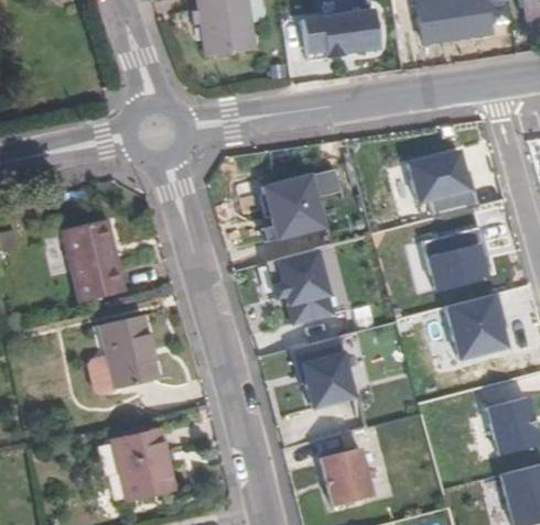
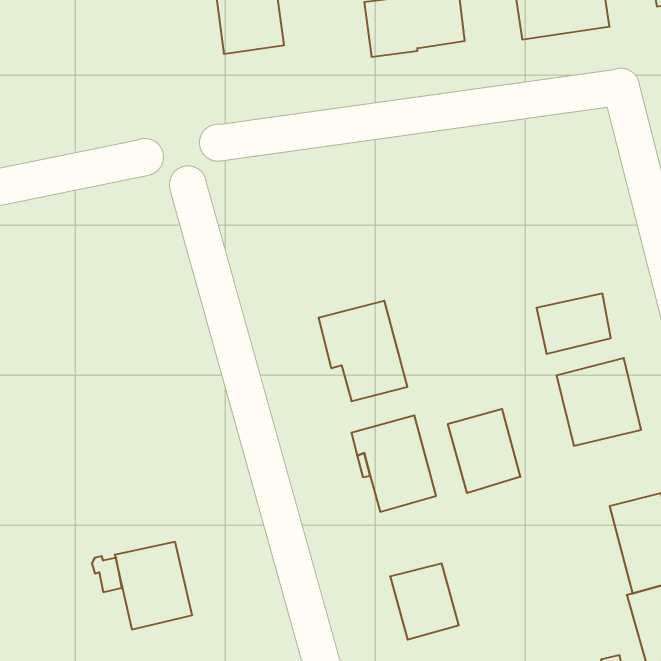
building: [408,144,479,216] -> none
building: [263,165,342,238] -> none
building: [67,211,128,295] -> none
building: [93,311,162,391] -> none
building: none -> [448,409,520,493]

